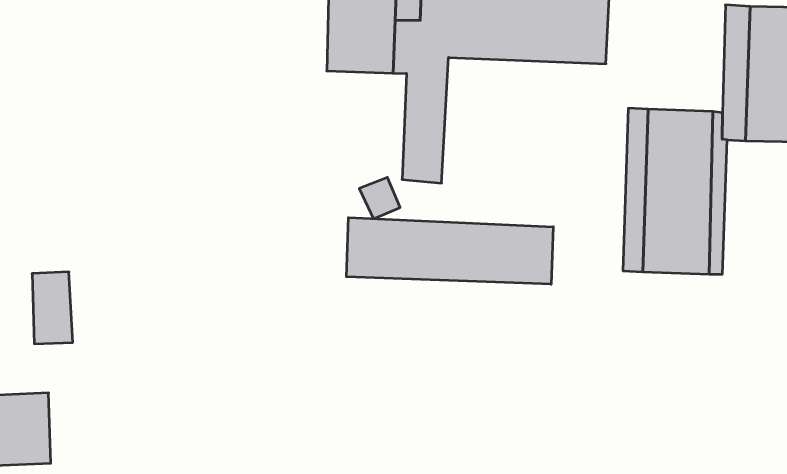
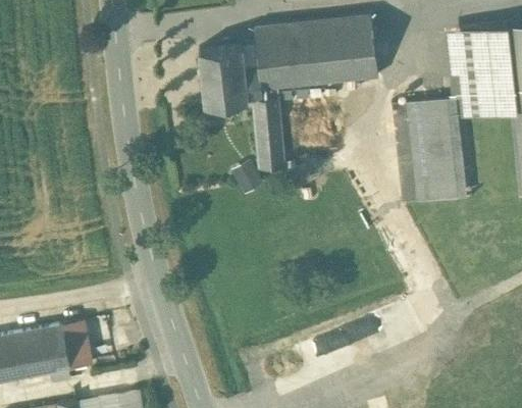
building: [346,218,553,284] -> none
building: [32,272,73,344] -> [62,322,93,369]

